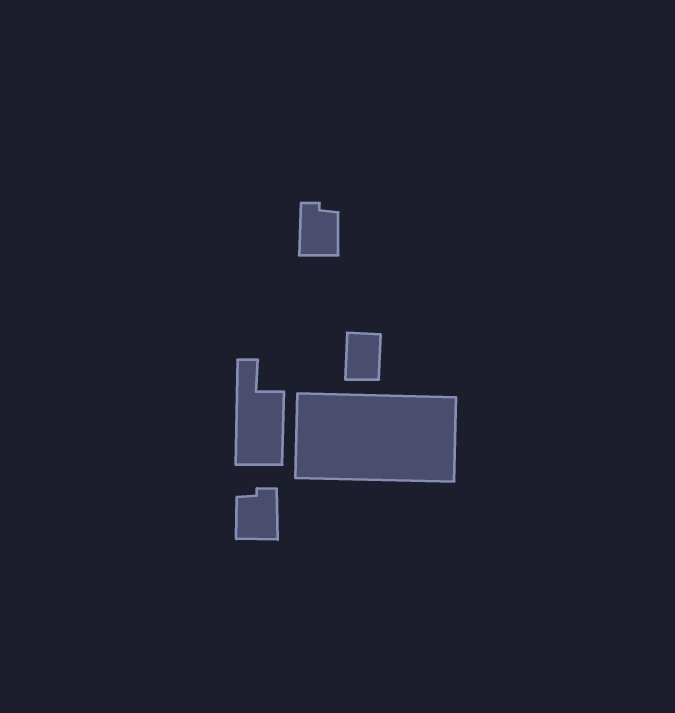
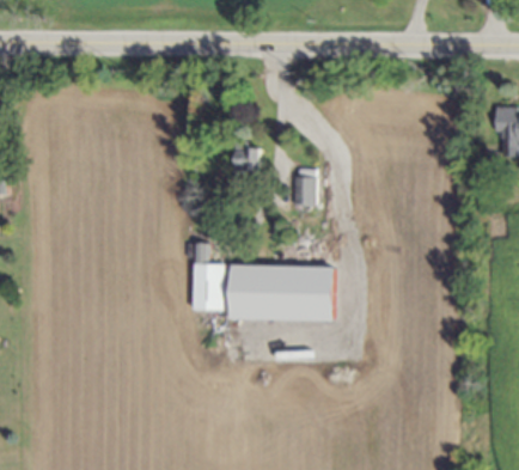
building: [345,333,381,379] -> [292,176,315,206]
building: [236,488,278,540] -> none

